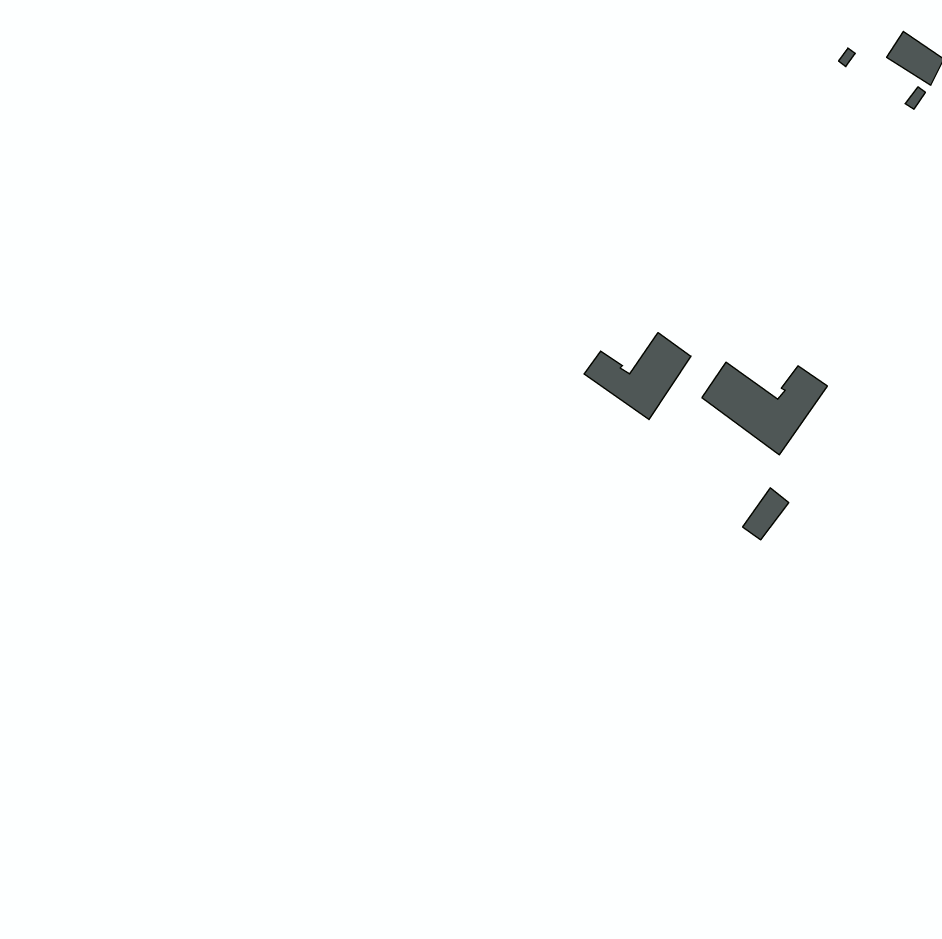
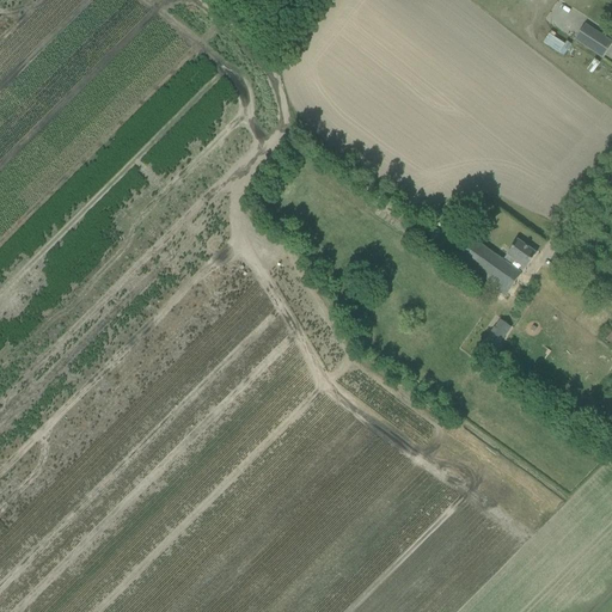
building: [584,333,691,420] -> none

